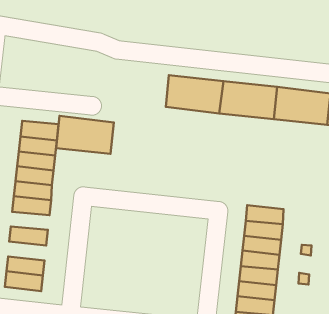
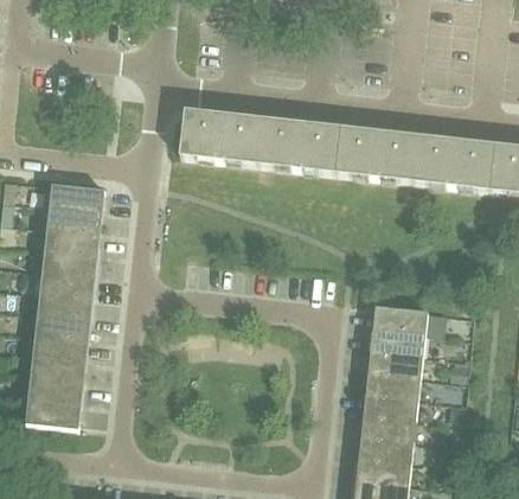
building: [56,116,114,154] -> [179,108,262,162]
building: none -> [34,313,90,339]
building: none -> [31,356,85,383]

